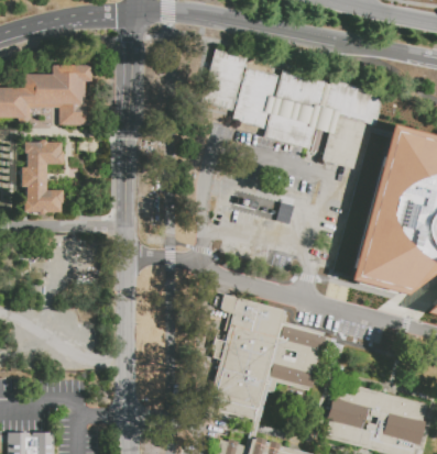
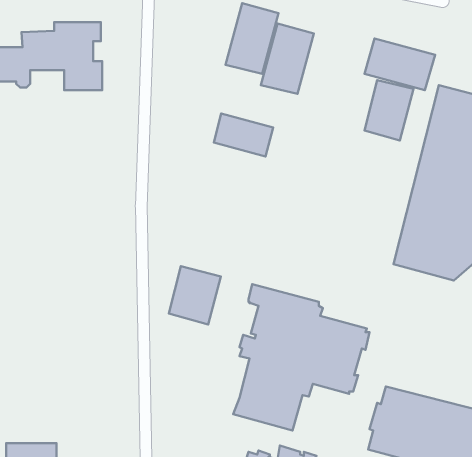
building: [275,70,329,114] -> none
building: [265,112,317,150] -> [214,114,273,156]
building: [22,141,64,214] -> none
building: none -> [169,266,221,325]

